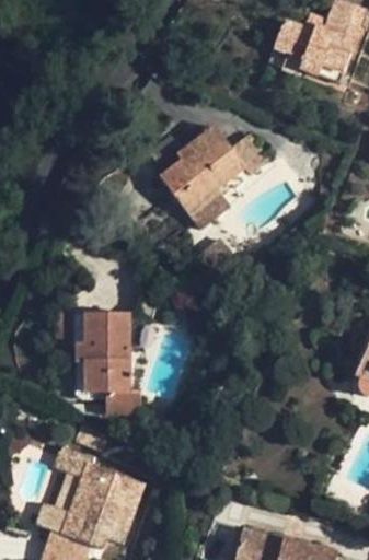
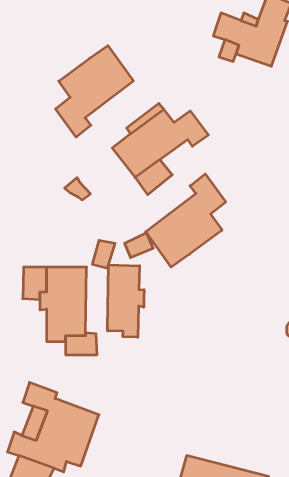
building: none -> [56,46,133,137]
building: none -> [146,174,226,267]
building: none -> [108,265,144,337]

